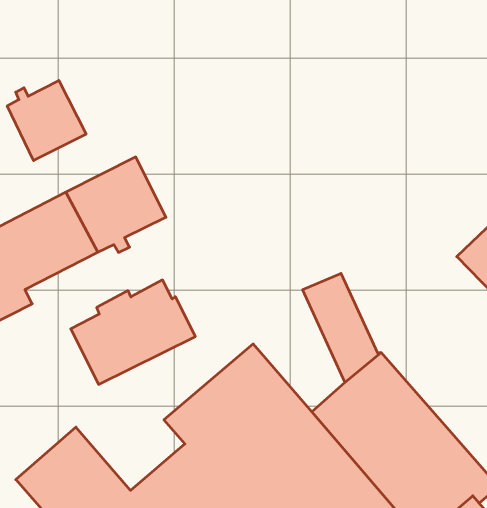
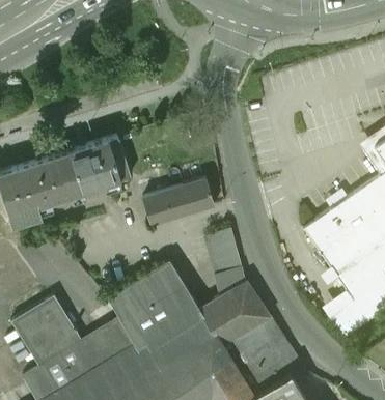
building: [7,80,86,161] -> none
building: [71,280,195,384] -> [139,168,214,225]

